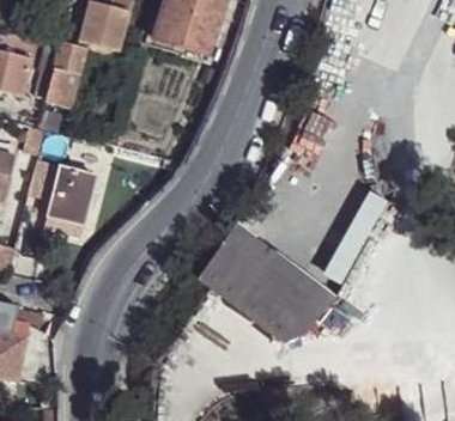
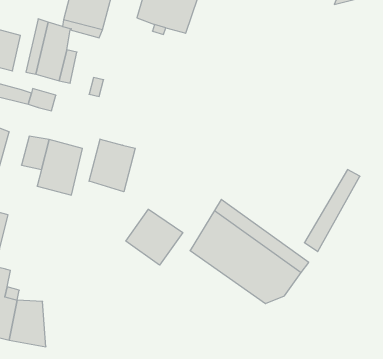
building: none -> [89,139,135,192]
building: none -> [126,209,183,265]

